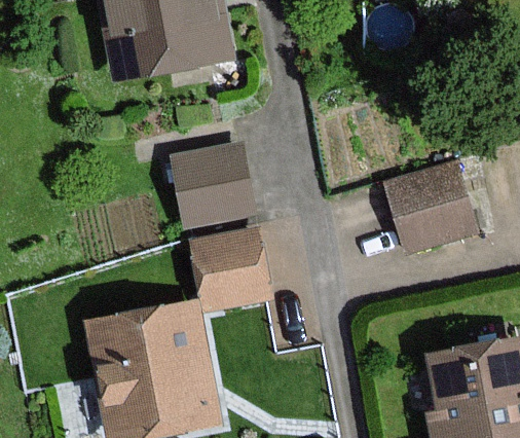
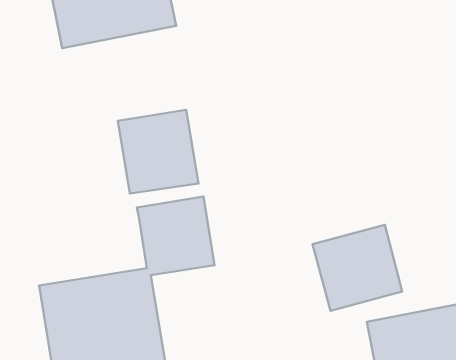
building: [386,167,478,254] -> [312,225,402,311]

